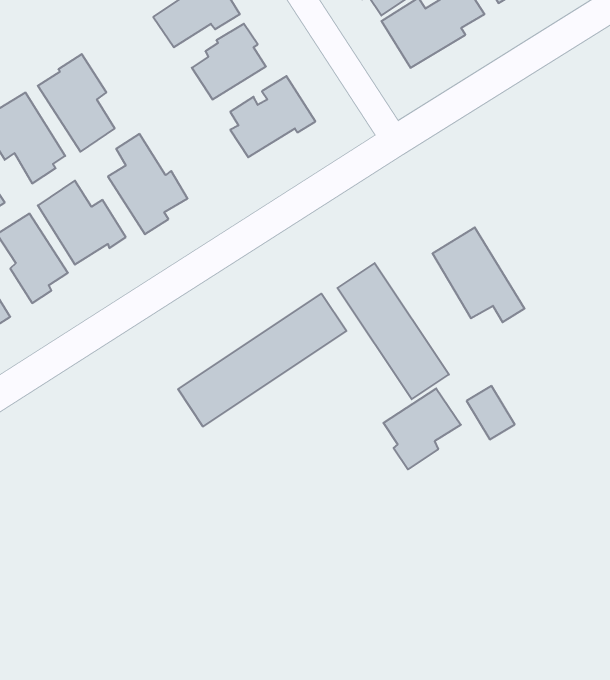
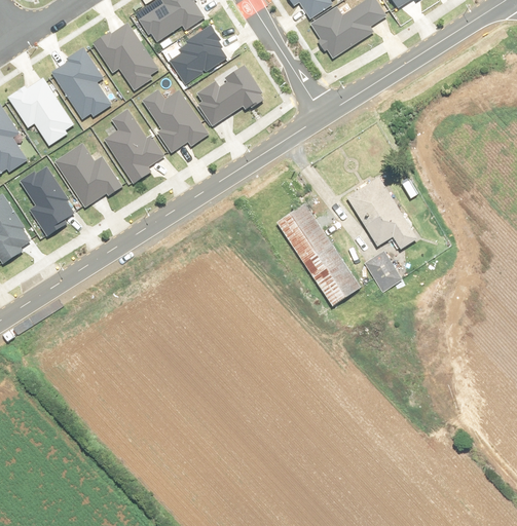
building: none -> [95,22,161,89]
building: none -> [141,88,209,152]
building: [178,294,346,427] -> none
building: [467,386,515,439] -> [364,252,400,292]
building: [383,388,461,469] -> none

